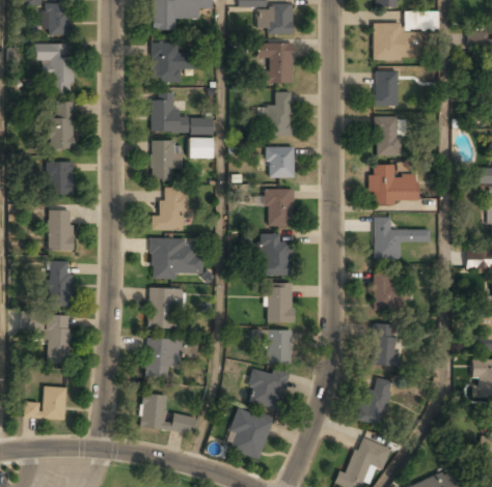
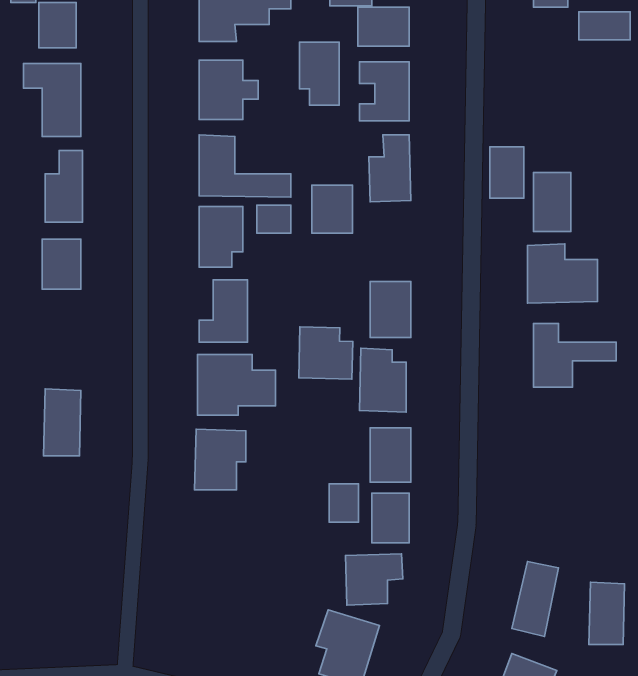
building: [373,23,410,56] -> none
building: none -> [300,42,339,105]
building: [375,70,398,105] -> [490,147,524,198]
building: [267,146,294,178] -> [312,185,352,233]
building: [48,210,73,250] -> none
building: none -> [299,327,353,379]
building: [374,273,401,310] -> none
building: [47,314,71,363] -> none
building: [374,322,398,364] -> [589,582,625,645]
building: none -> [329,484,359,522]
building: [144,337,182,378] -> none
building: [24,385,66,420] -> none
building: [140,393,196,432] -> none

